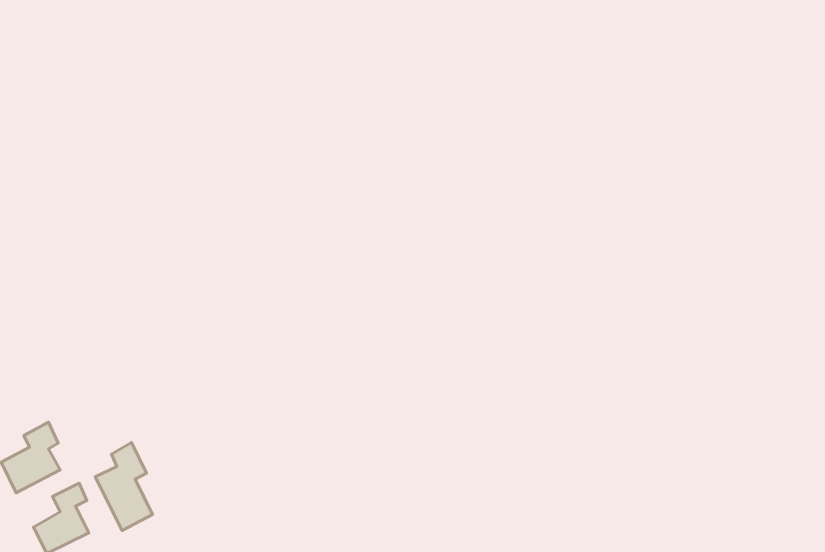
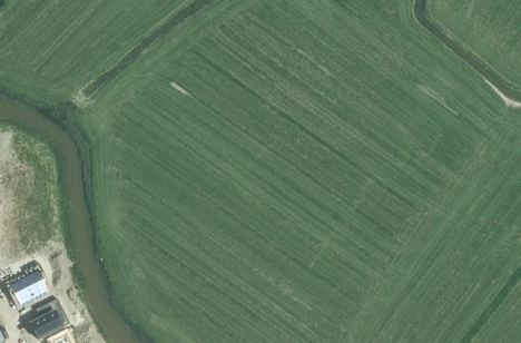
building: [95,442,153,531] -> none

